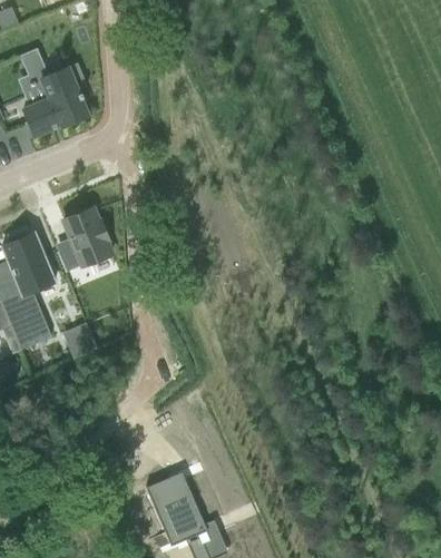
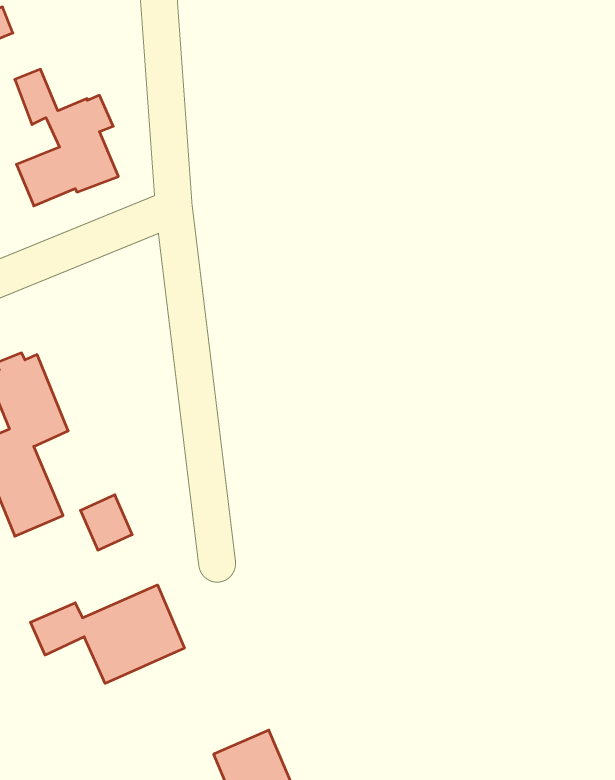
building: [62,209,110,266] -> none
building: none -> [30,585,184,683]

